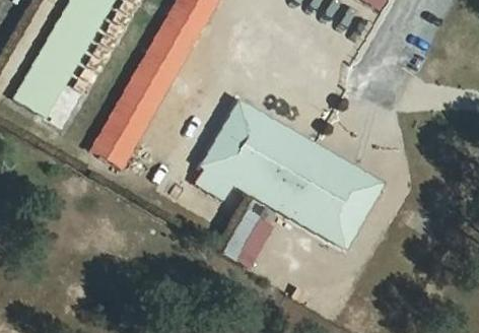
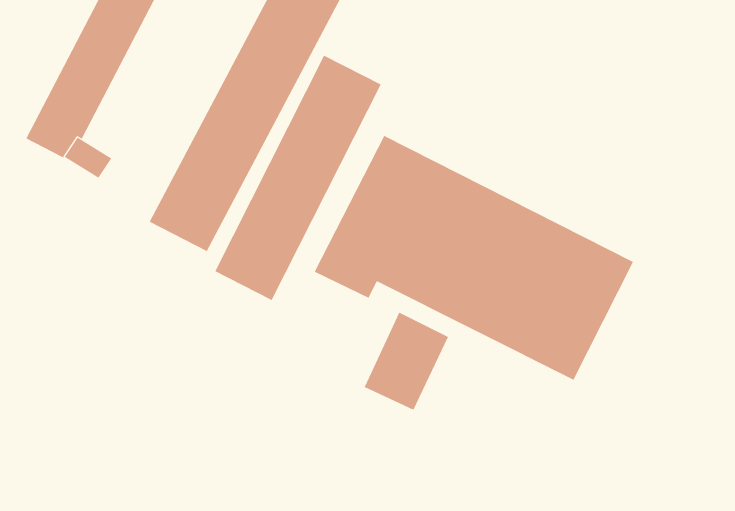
building: none -> [214,55,382,301]

